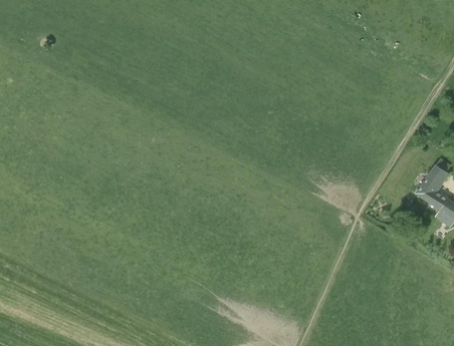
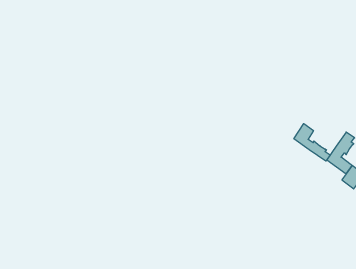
building: none -> [294,124,330,161]

